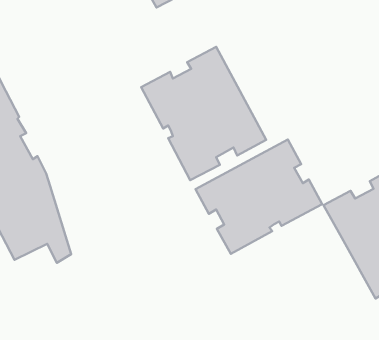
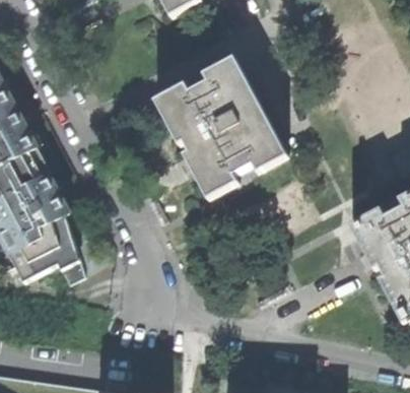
building: [196,140,322,254] -> none

